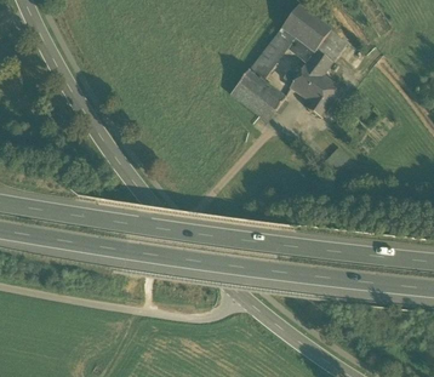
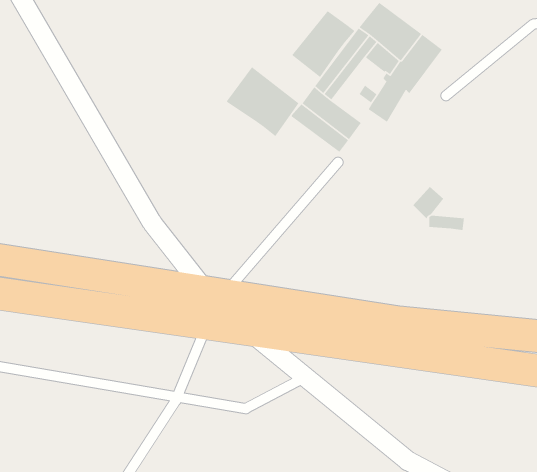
building: none -> [291,10,355,78]
building: none -> [226,66,300,137]
building: [304,72,341,115] -> none

